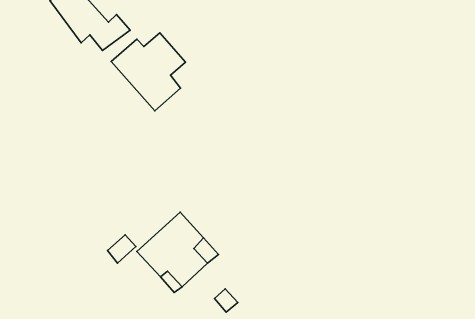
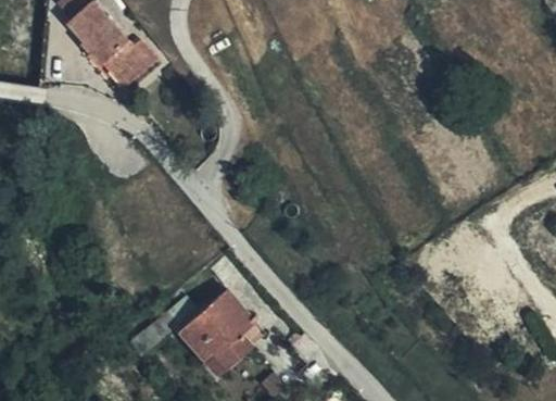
building: [111,33,186,111] -> none

